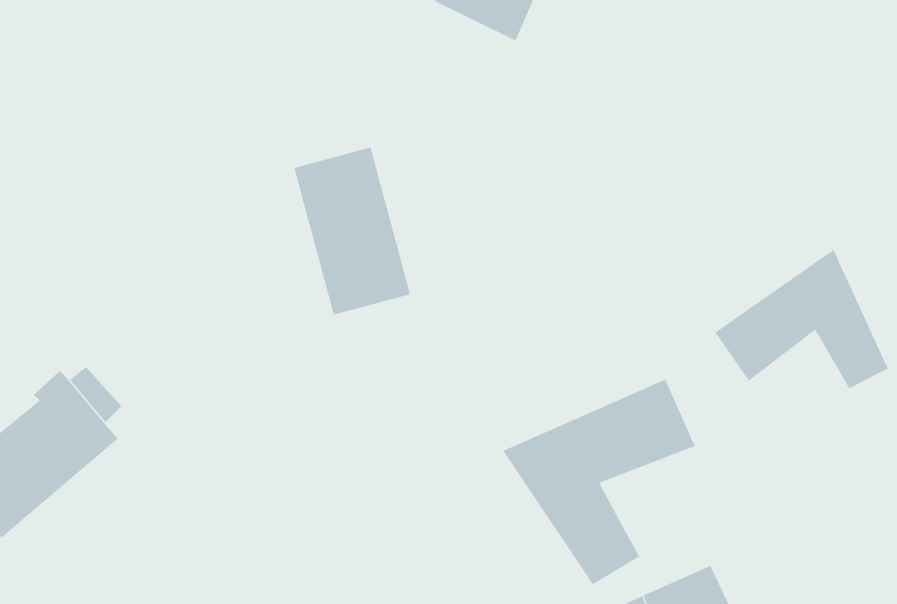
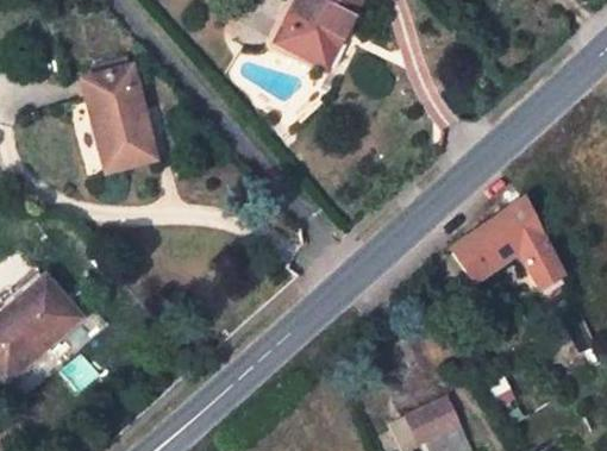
building: [294,147,411,315] -> [82,65,156,171]
building: [502,379,696,585] -> none

